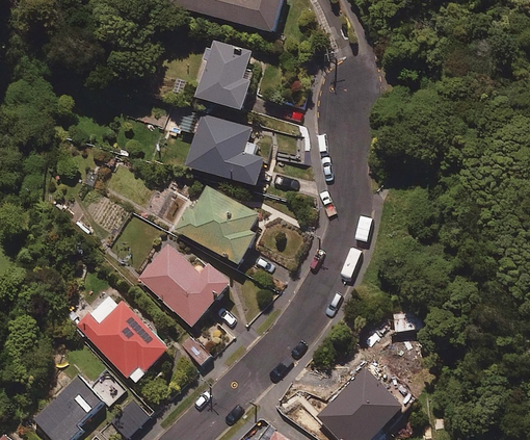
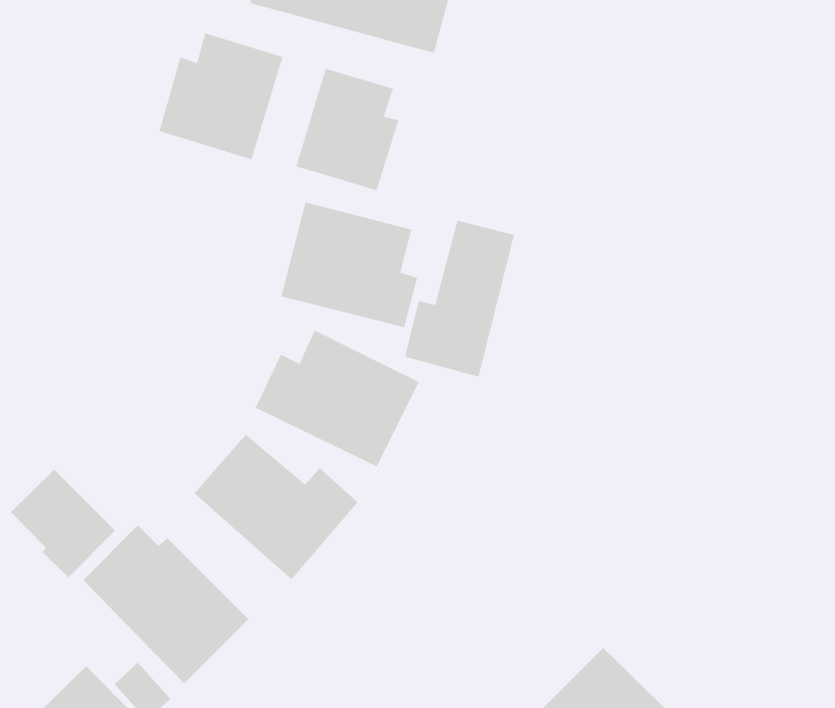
building: none -> [159,32,283,160]
building: none -> [404,220,515,377]
building: none -> [10,469,116,578]

